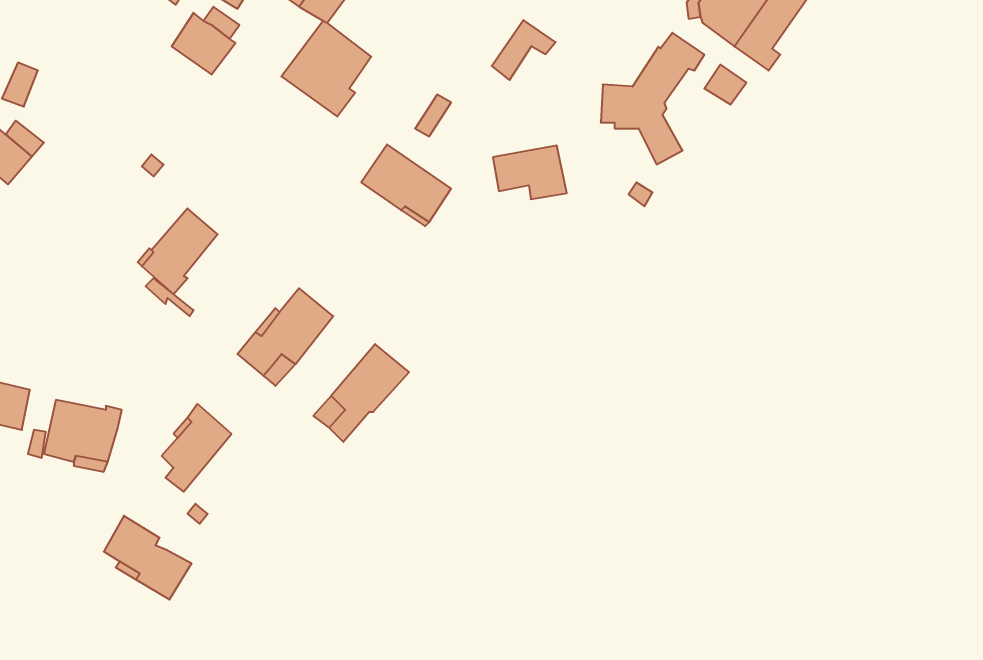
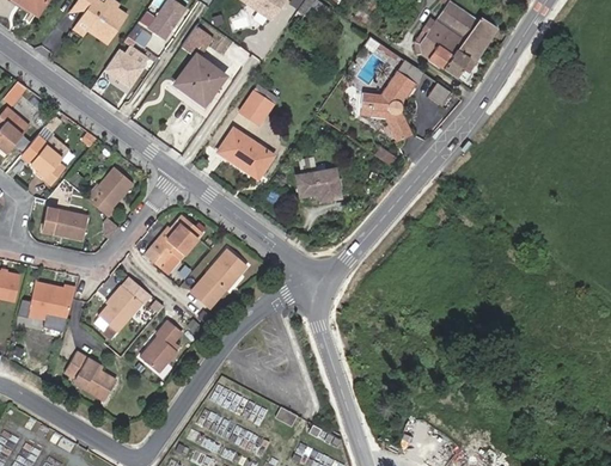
building: [492,20,556,80] -> [240,82,279,118]
building: [493,145,567,199] -> [297,168,341,201]
building: none -> [30,137,68,184]
building: none -> [51,210,91,243]
building: none -> [139,320,181,372]

